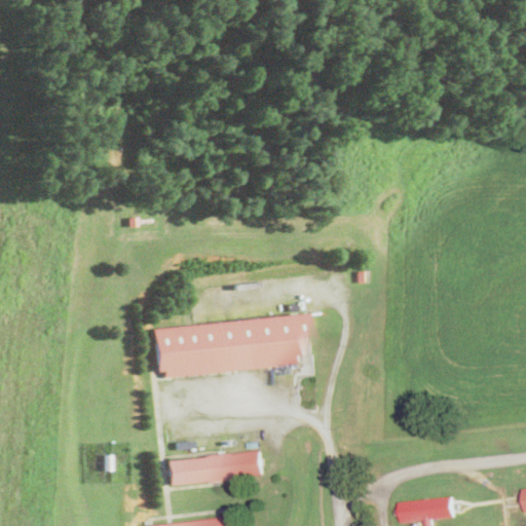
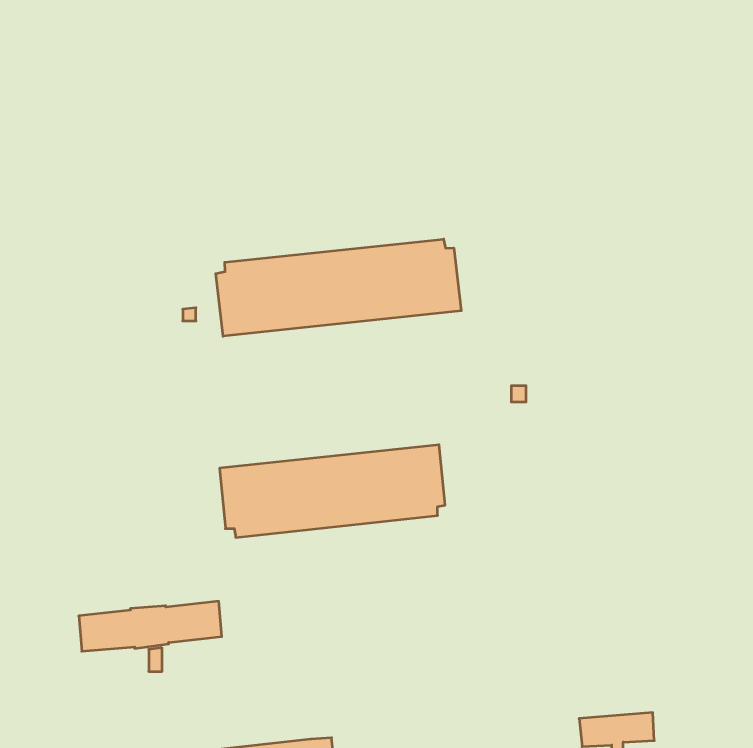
building: none -> [216,239,461,336]
building: [167,451,267,486] -> [79,601,222,651]

